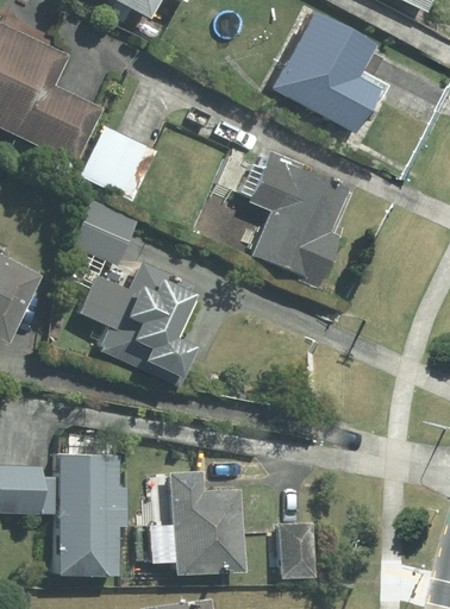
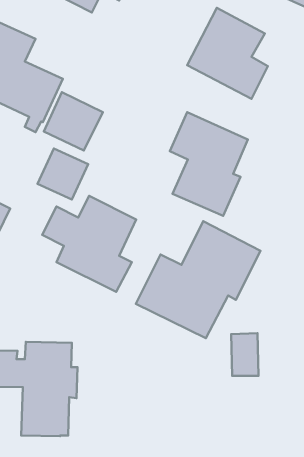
building: none -> [136,221,260,338]
building: [168,469,244,573] -> none
building: [280,520,315,576] -> [231,333,258,376]

